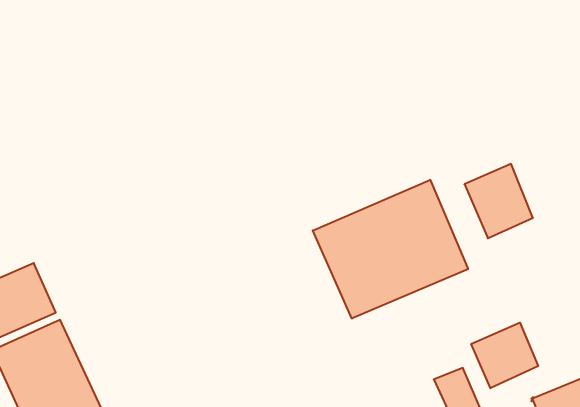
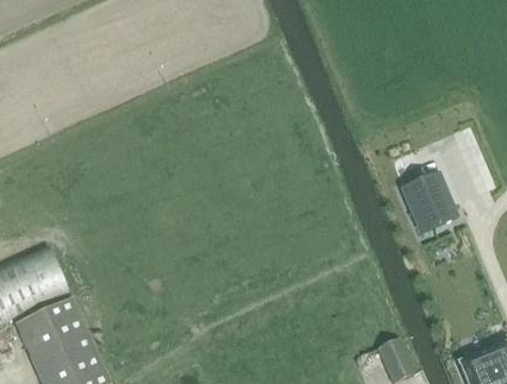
building: [313,180,468,319] -> none
building: [471,323,538,388] -> none

